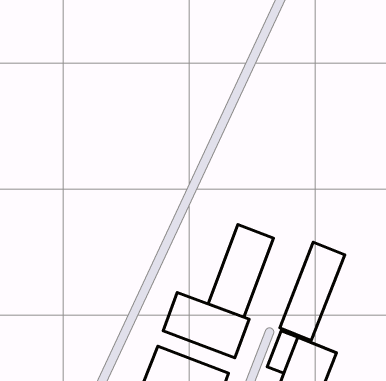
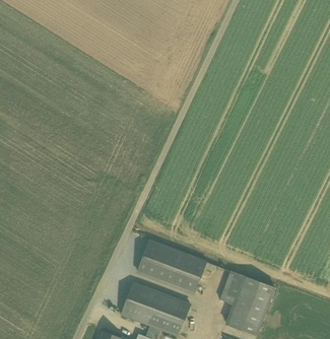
building: [208,225,273,317] -> none
building: [280,242,345,341] -> none

